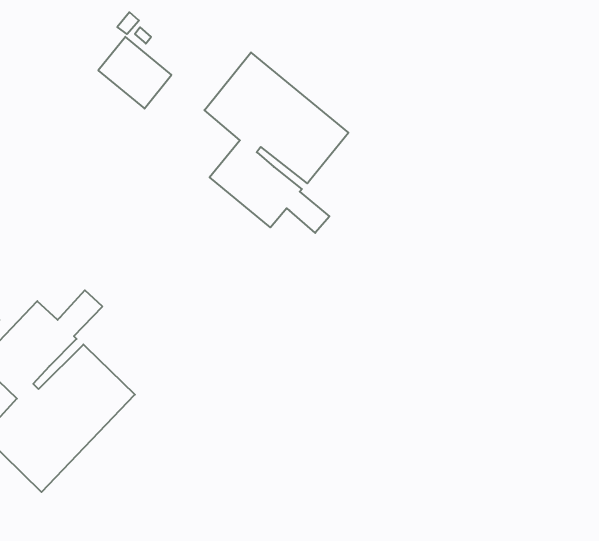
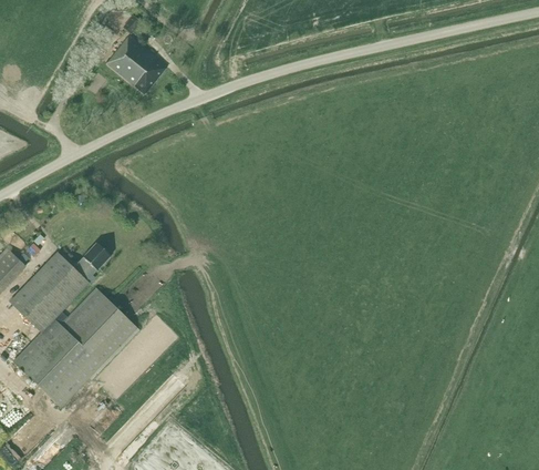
building: [204,52,348,233] -> none

